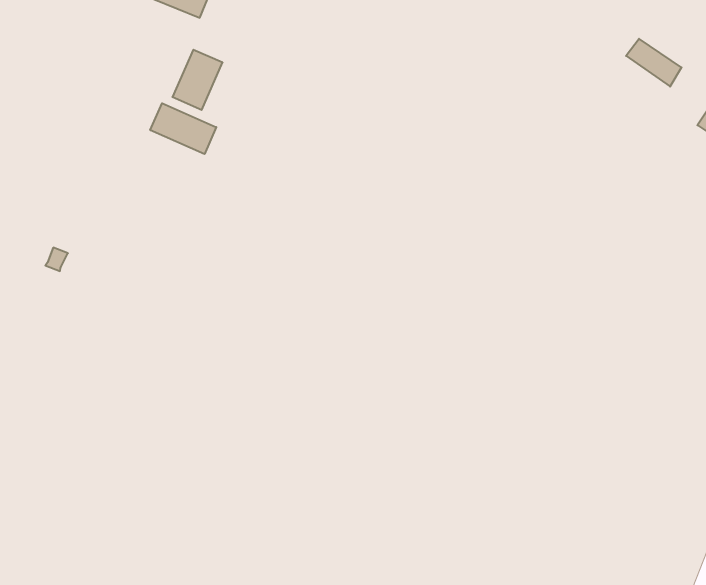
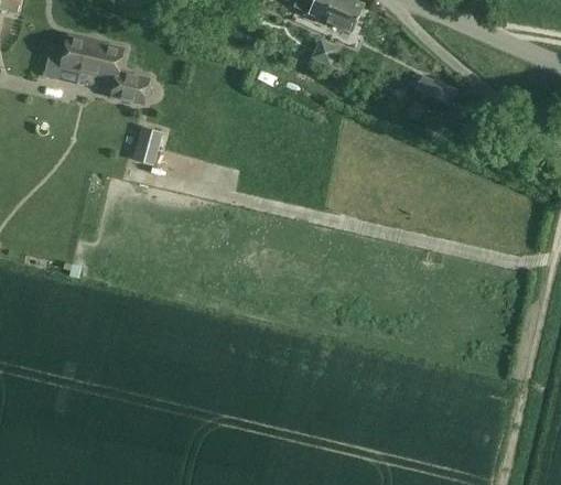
building: [150,103,216,154] -> none

